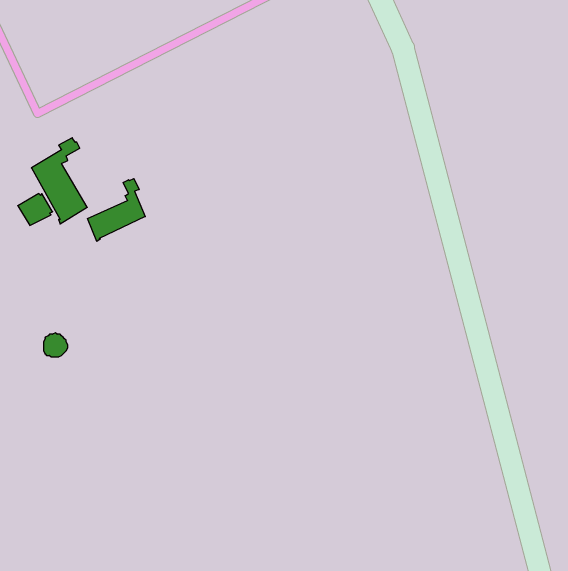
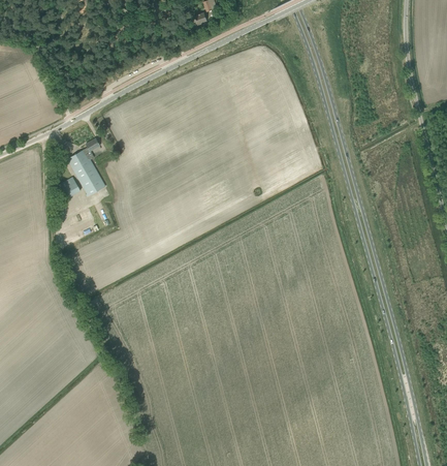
building: [87,179,145,241] -> none

